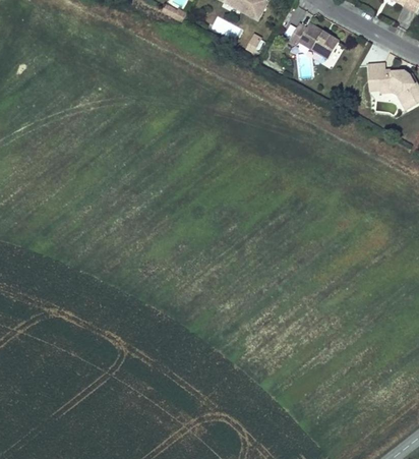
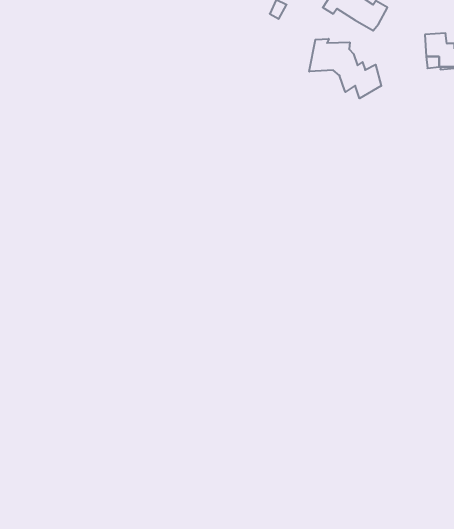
building: none -> [309,39,381,98]

